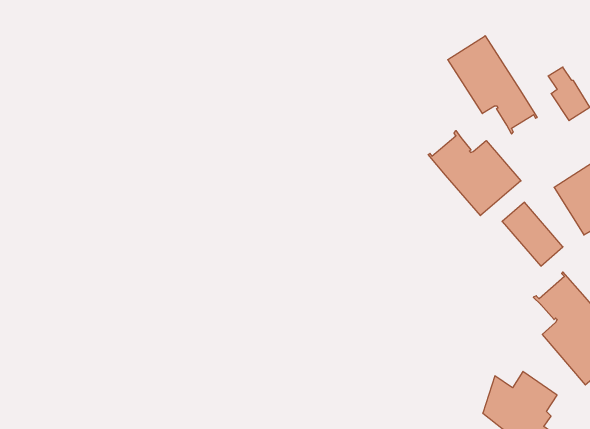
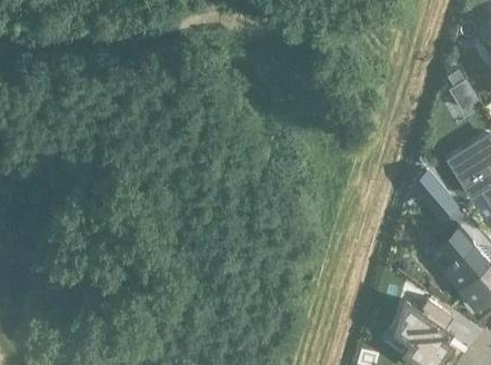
building: [448,36,537,134] -> none
building: [428,131,521,216] -> none

